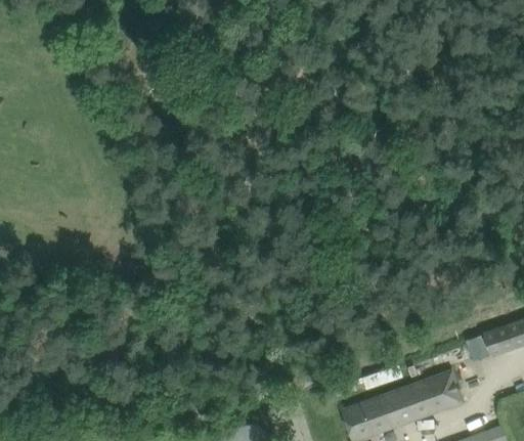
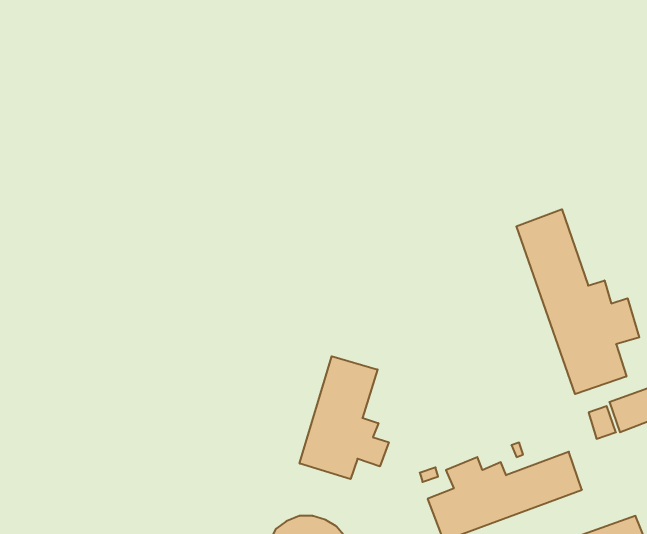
building: none -> [516,209,639,394]
building: none -> [300,356,389,479]

